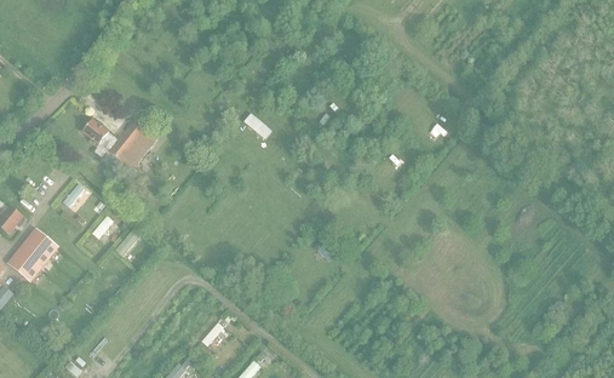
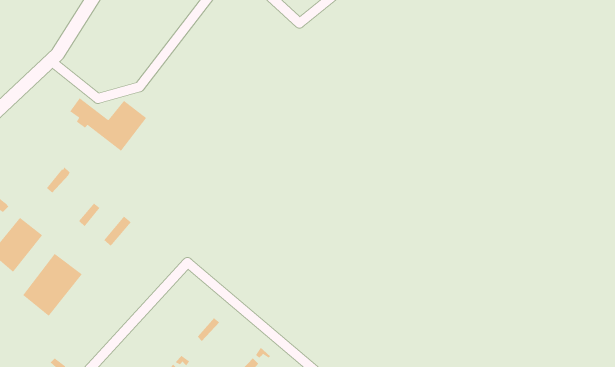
building: none -> [22,253,83,317]

